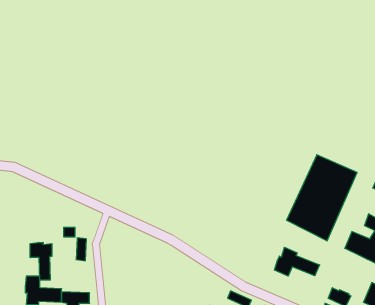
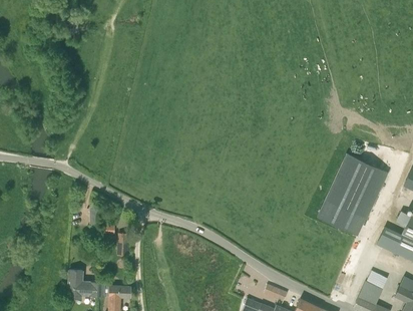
building: [30,242,52,280] -> none
building: [275,247,320,276] -> none

